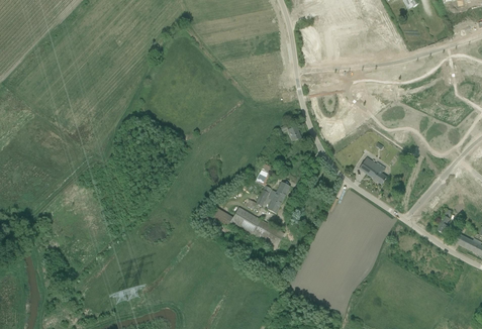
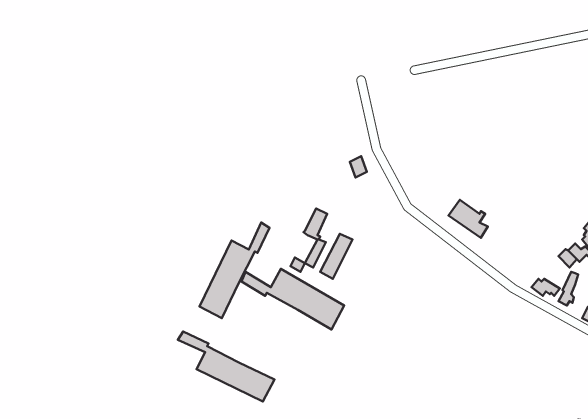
building: none -> [199,222,269,318]
building: none -> [178,331,275,401]

